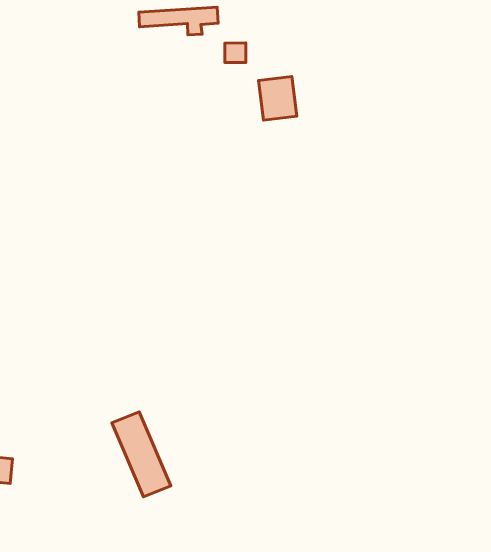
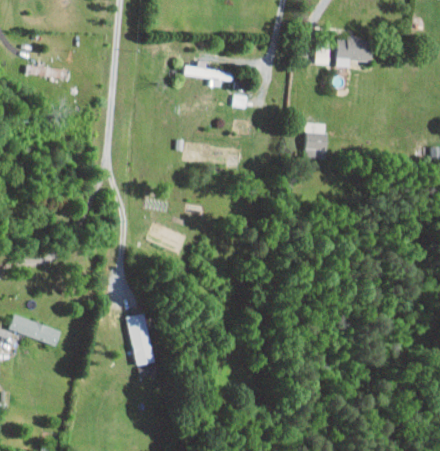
building: [258,77,297,120] -> [305,132,327,158]

